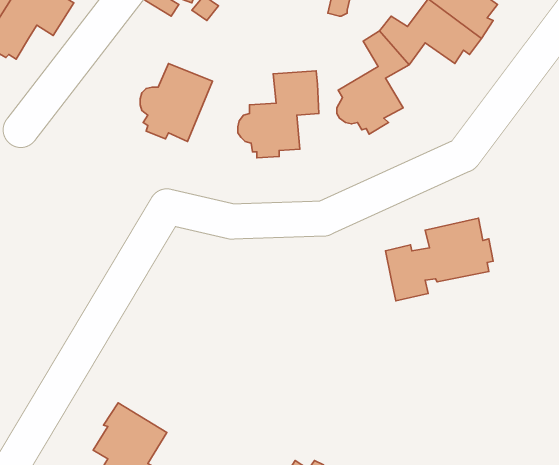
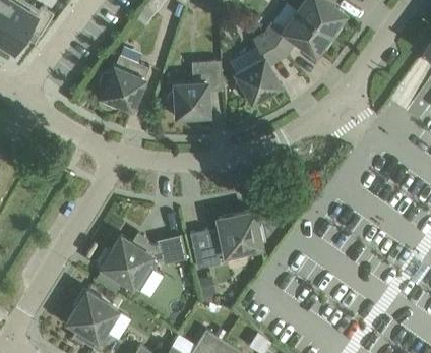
building: [385,218,493,301] -> [190,212,264,269]
building: none -> [99,233,187,287]

